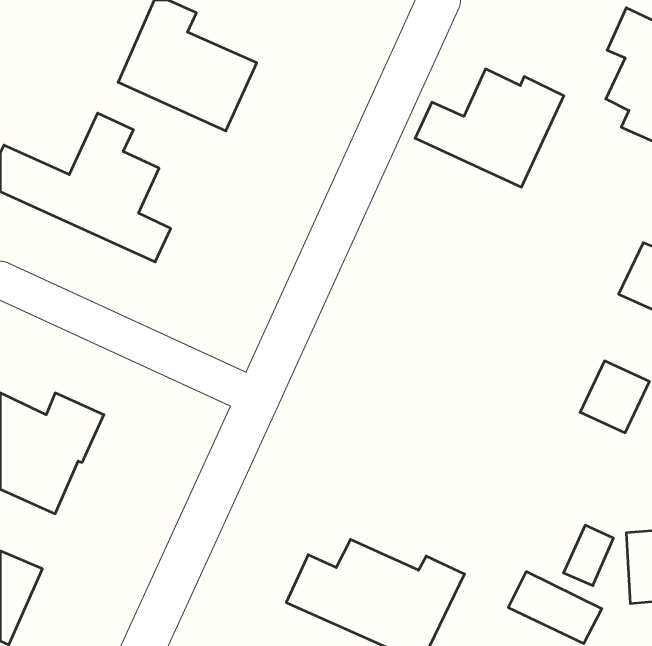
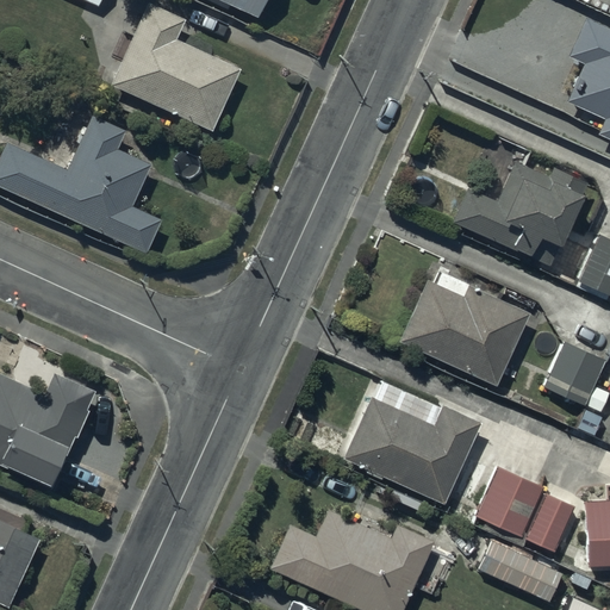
building: [415,69,564,187] -> [452,158,590,268]
building: none -> [399,273,529,386]
building: none -> [343,398,479,504]
building: none -> [475,467,543,537]

